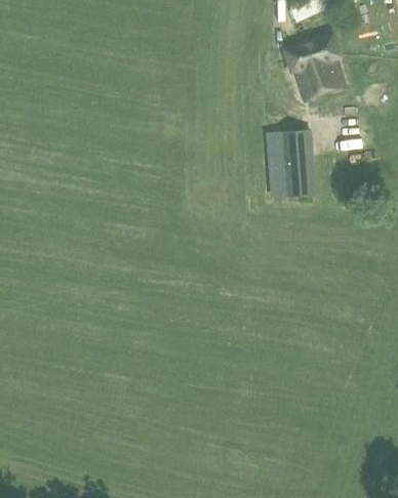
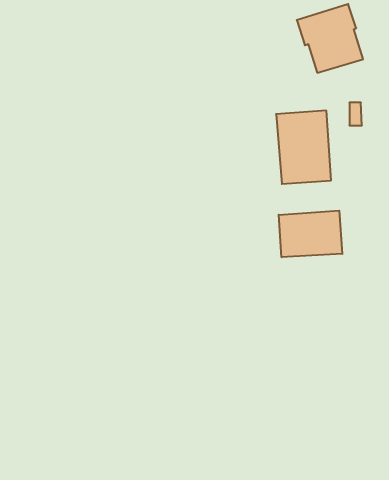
building: none -> [279,211,342,257]

